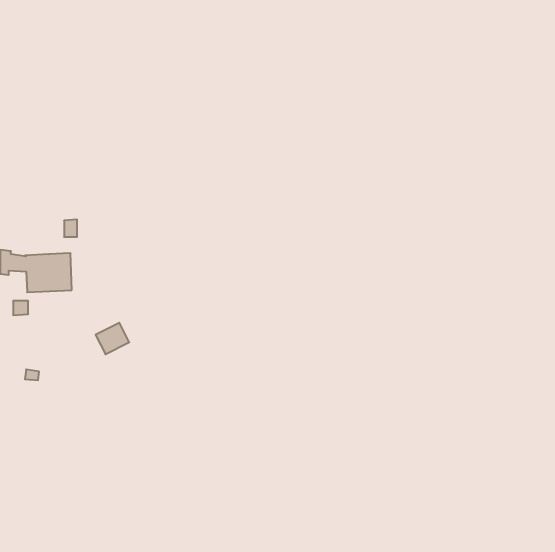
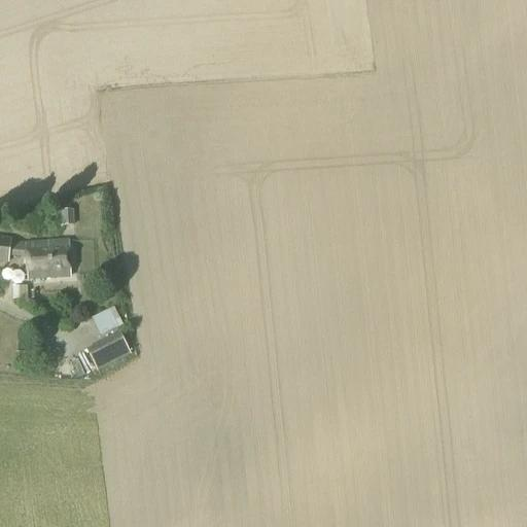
building: none -> [85,330,130,370]

